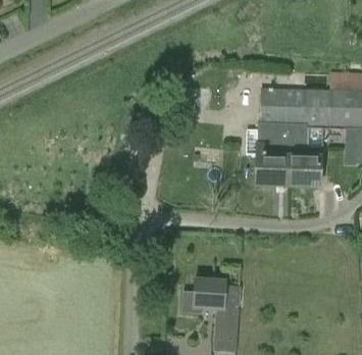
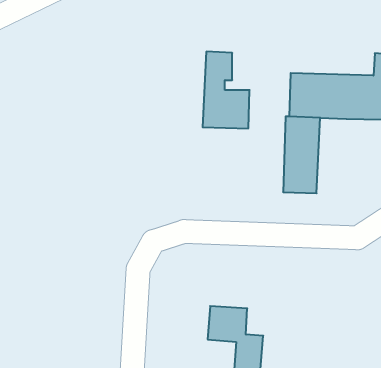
building: [282,123,321,187] -> [203,52,250,128]

